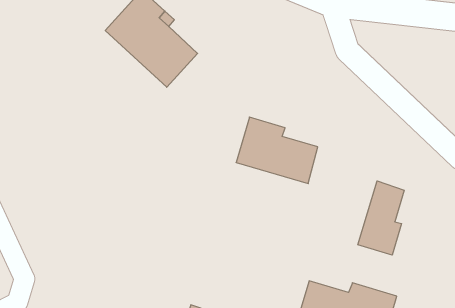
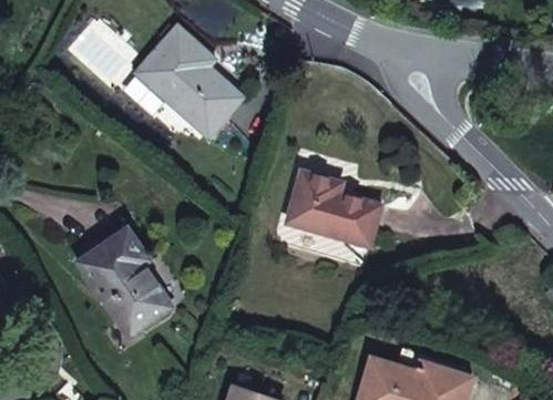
building: none -> [79,228,173,336]
building: [358,181,404,255] -> none

